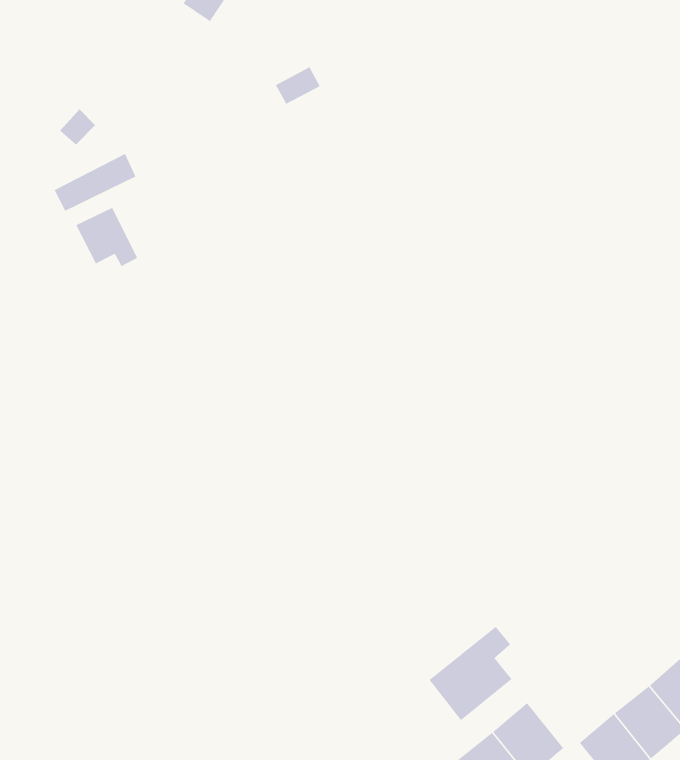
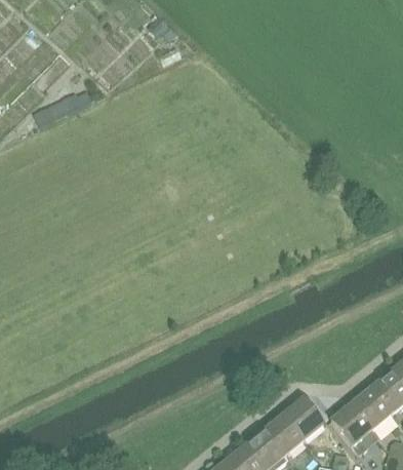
building: [75,207,138,267] -> none
building: [429,626,513,721] -> none

